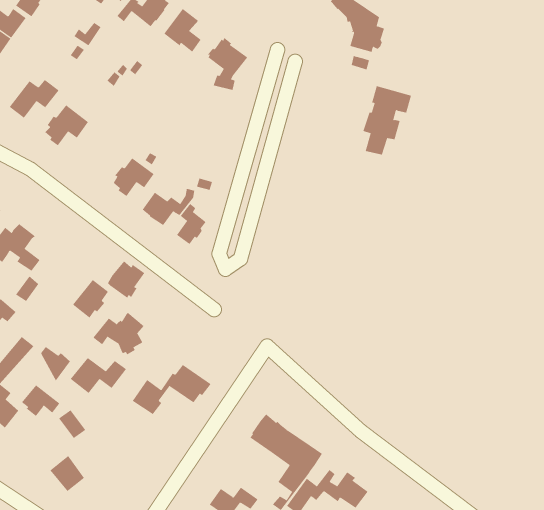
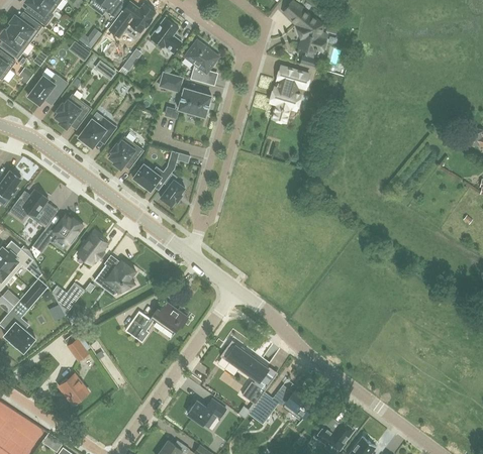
building: none -> [159,72,210,117]
building: [362,85,412,155] -> [269,66,308,121]
building: none -> [78,117,115,147]
building: [107,260,145,298] -> [52,214,82,244]
building: [70,357,127,394] -> none
building: [21,384,60,417] -> none

